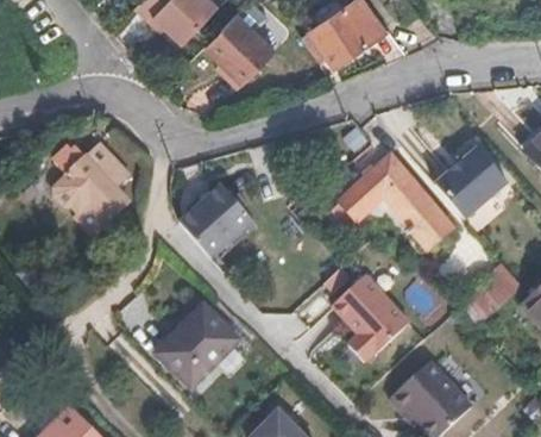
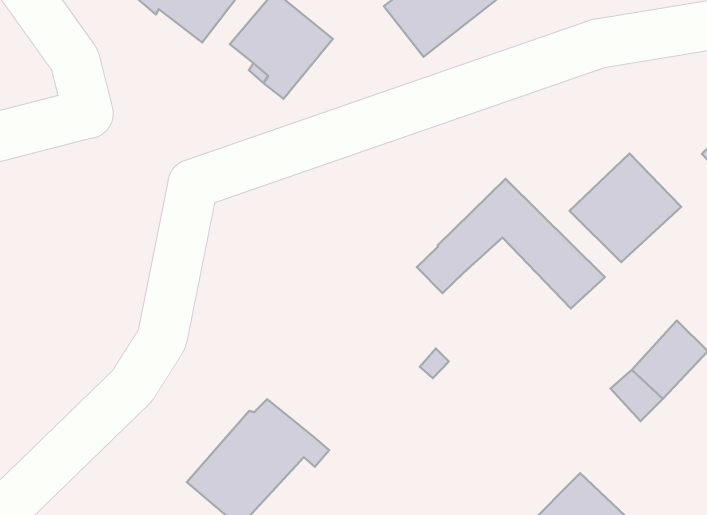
building: [52,151,130,244] -> none
building: [181,186,254,258] -> none
building: [328,276,405,363] -> none

